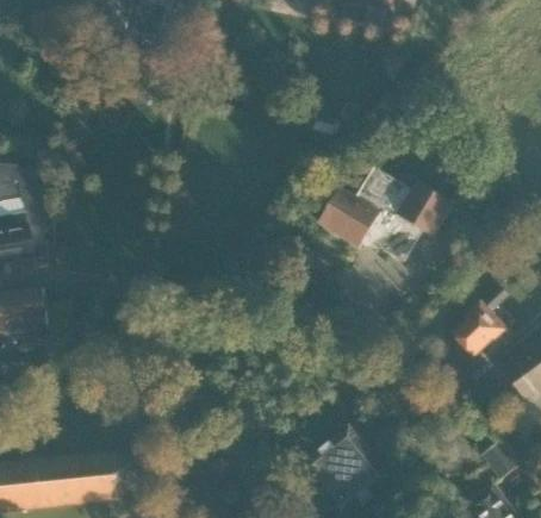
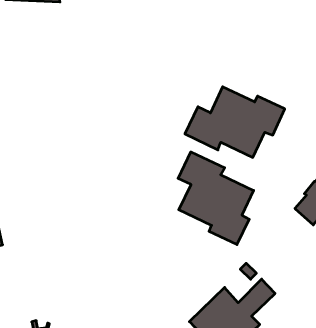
building: none -> [178,152,254,245]

